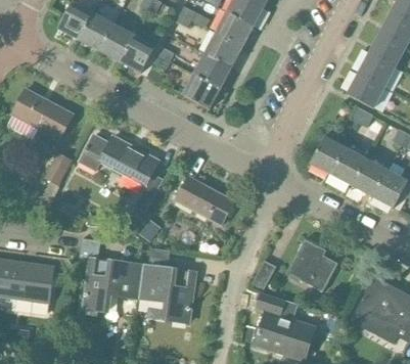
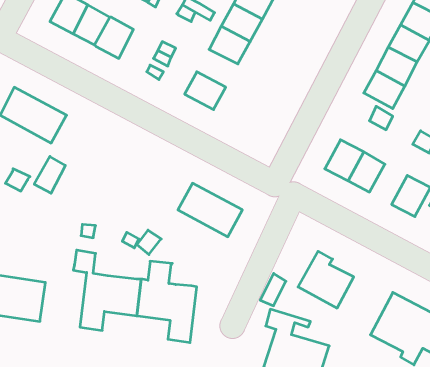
building: [122,36,155,73] -> none
building: [193,54,231,89] -> none
building: [79,135,164,213] -> none
building: [352,160,386,196] -> none

